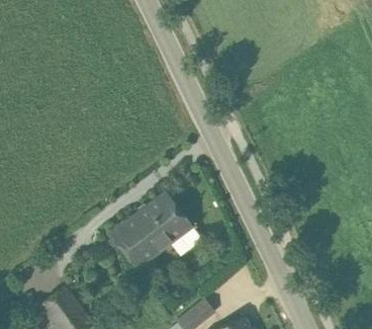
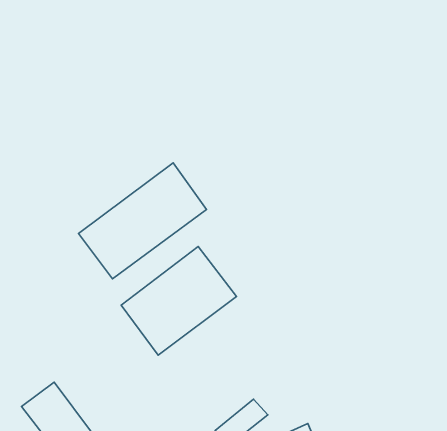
building: none -> [79,163,206,279]

